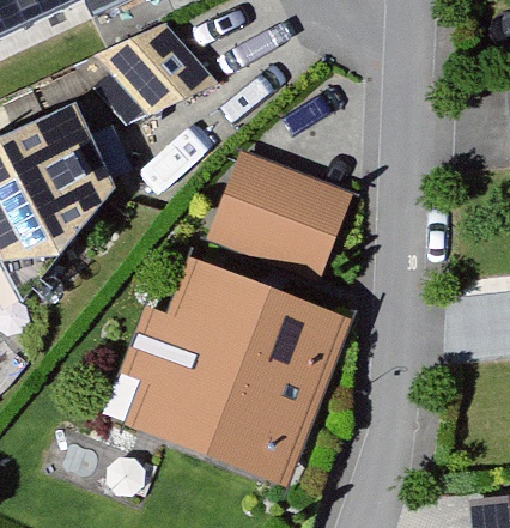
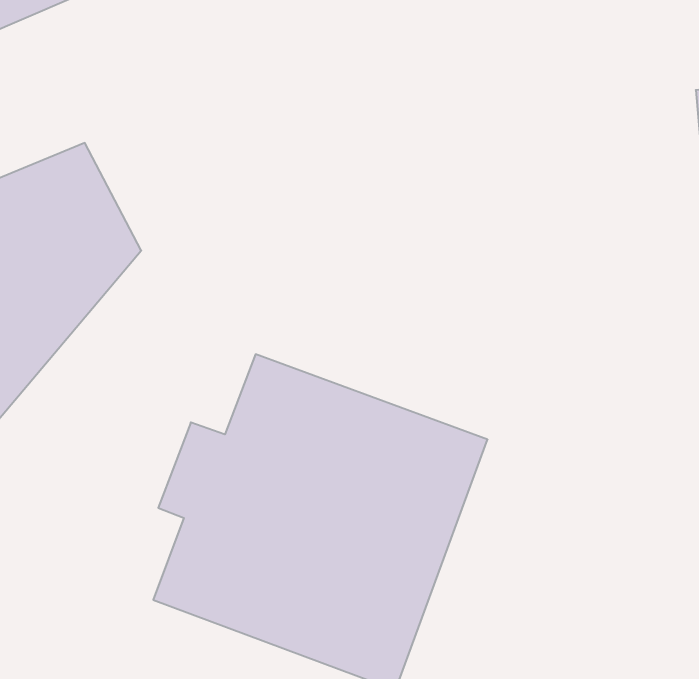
building: [85,20,226,117] -> none
building: [208,151,364,287] -> none

